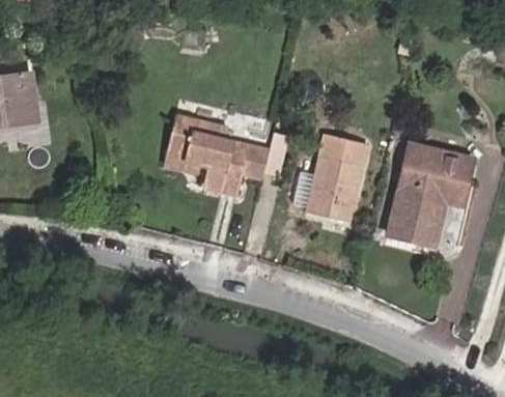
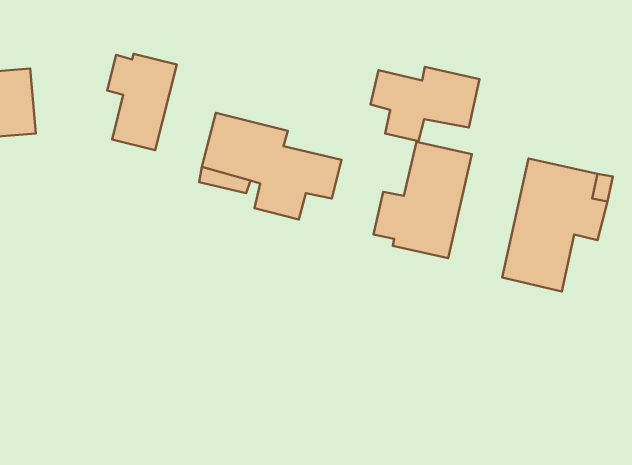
building: none -> [107,54,177,150]
building: none -> [371,67,479,141]

